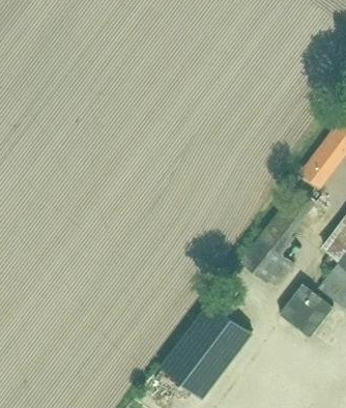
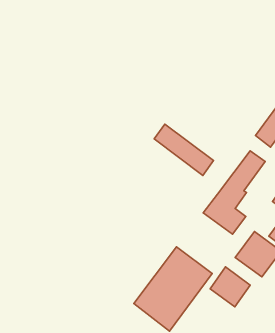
building: none -> [154,124,213,176]
building: none -> [210,267,250,307]

